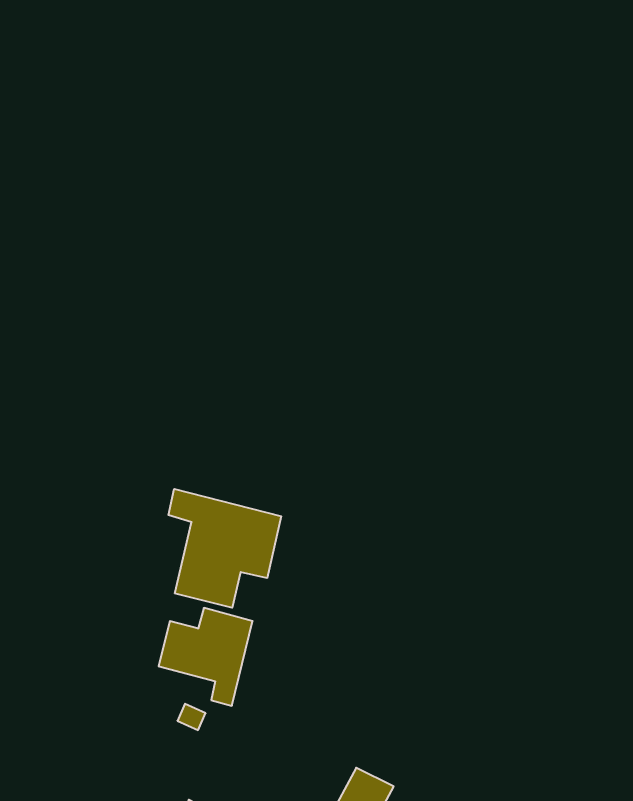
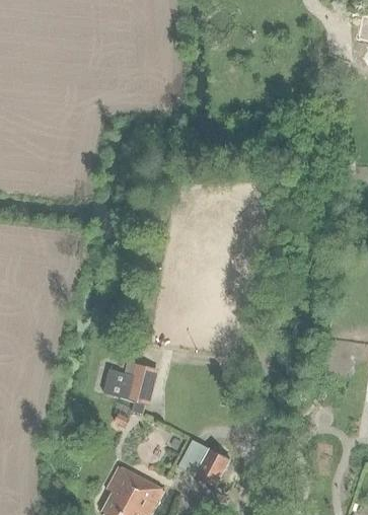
building: [168,489,281,608] -> none

